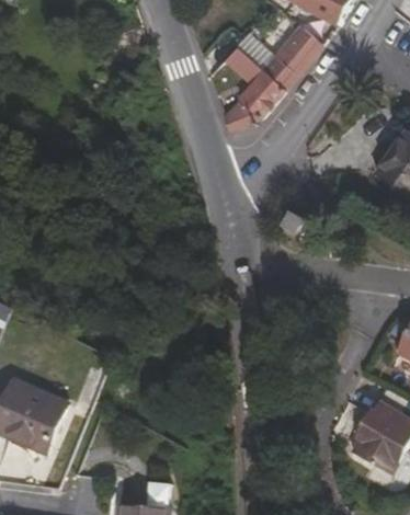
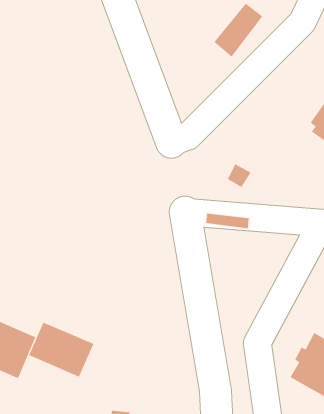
building: [223,47,287,117] -> none
building: none -> [28,322,94,377]

